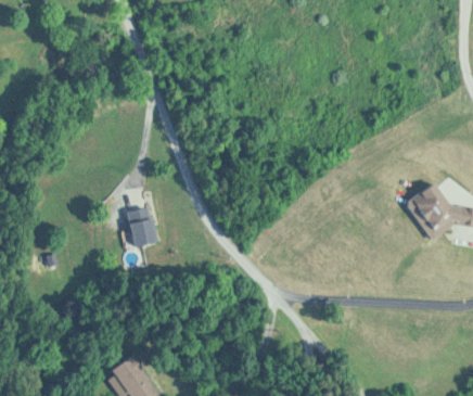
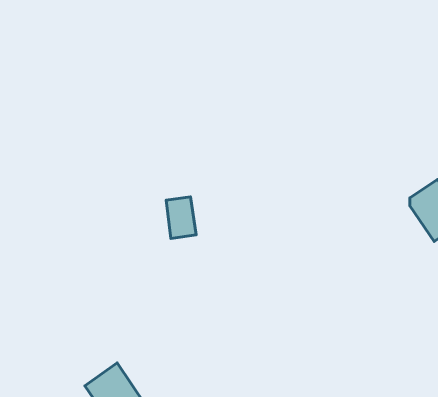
building: [127,207,155,246] -> [166,197,196,238]

